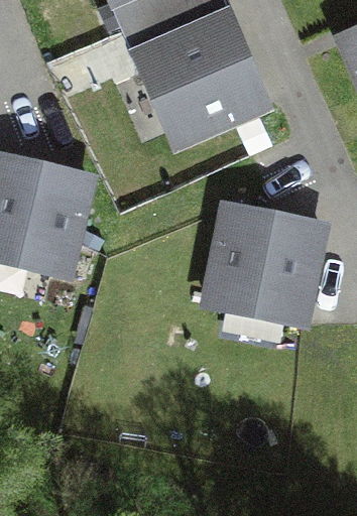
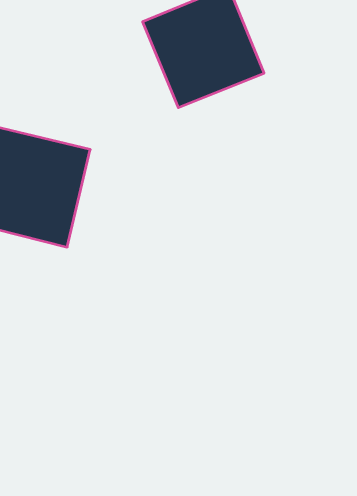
building: [209,207,322,319] -> none

